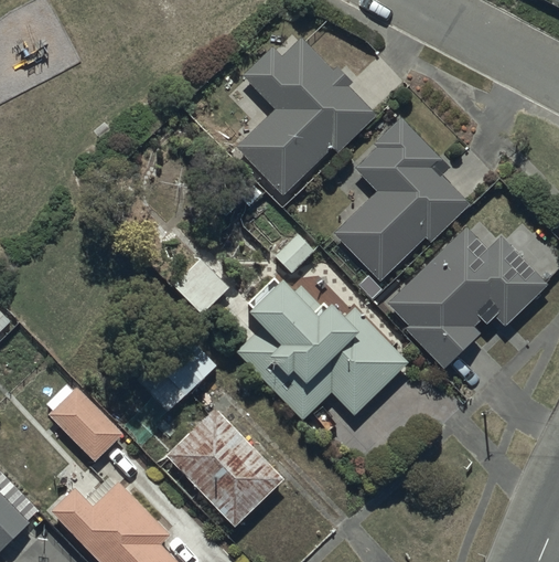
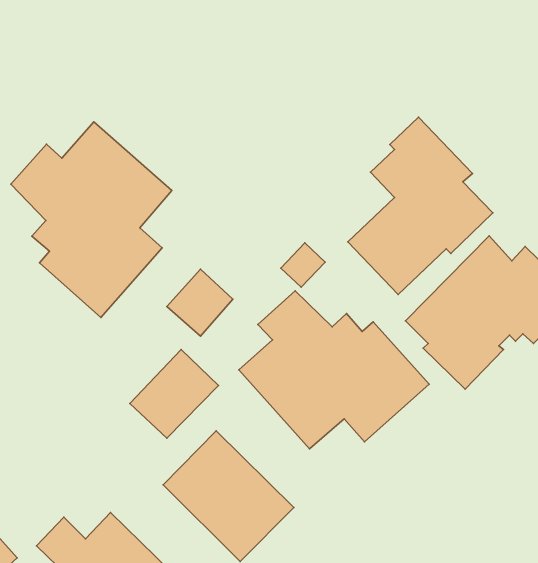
building: [236,36,374,195] -> none
building: none -> [11,122,172,317]
building: [43,382,123,463] -> none

